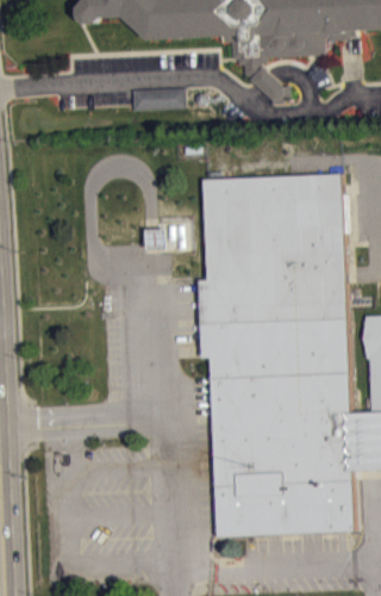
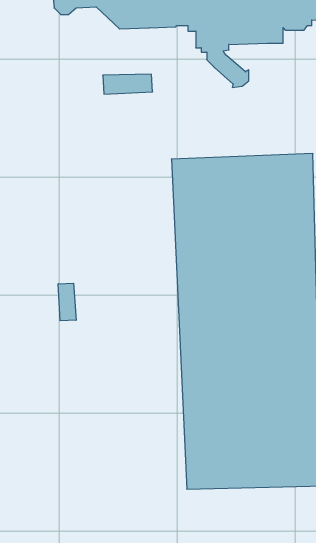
building: none -> [58,283,76,321]

